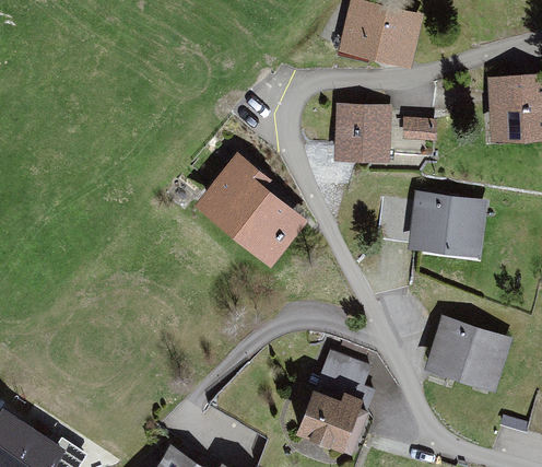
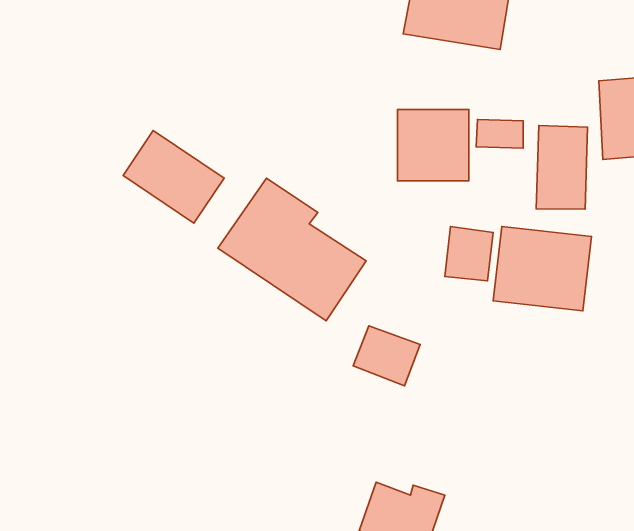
building: none -> [536,126,588,209]
building: none -> [123,130,224,223]
building: [426,319,509,387] -> none
building: [314,347,365,393] -> [353,326,420,386]

